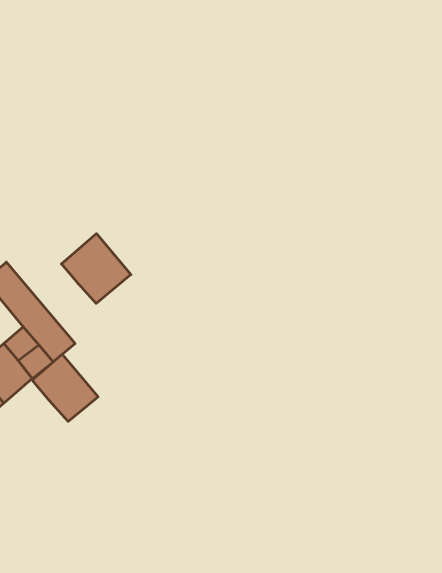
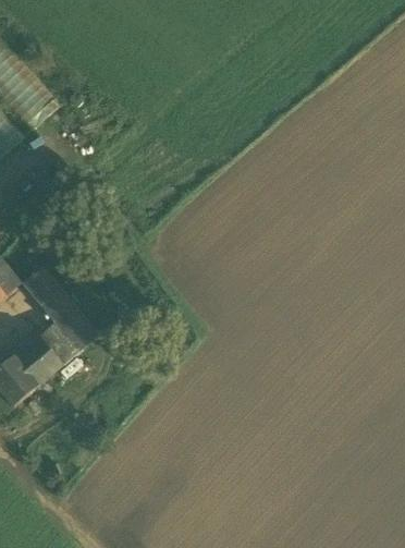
building: [61,234,131,303] -> none
building: [32,354,98,421] -> none

